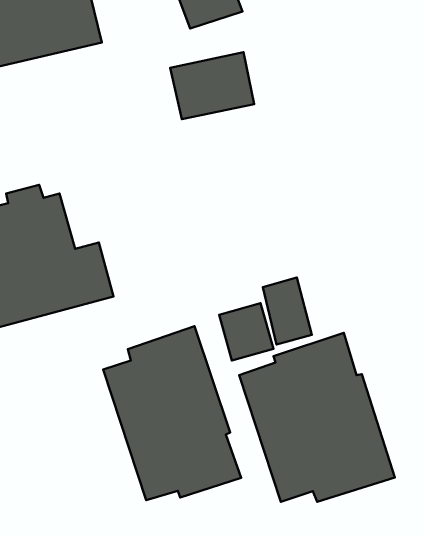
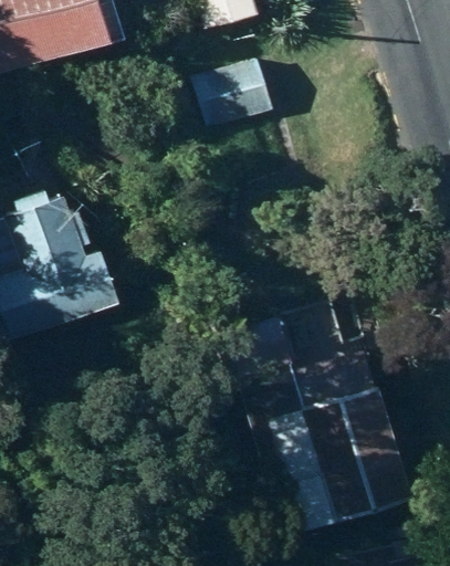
building: [103,326,241,500] -> none

